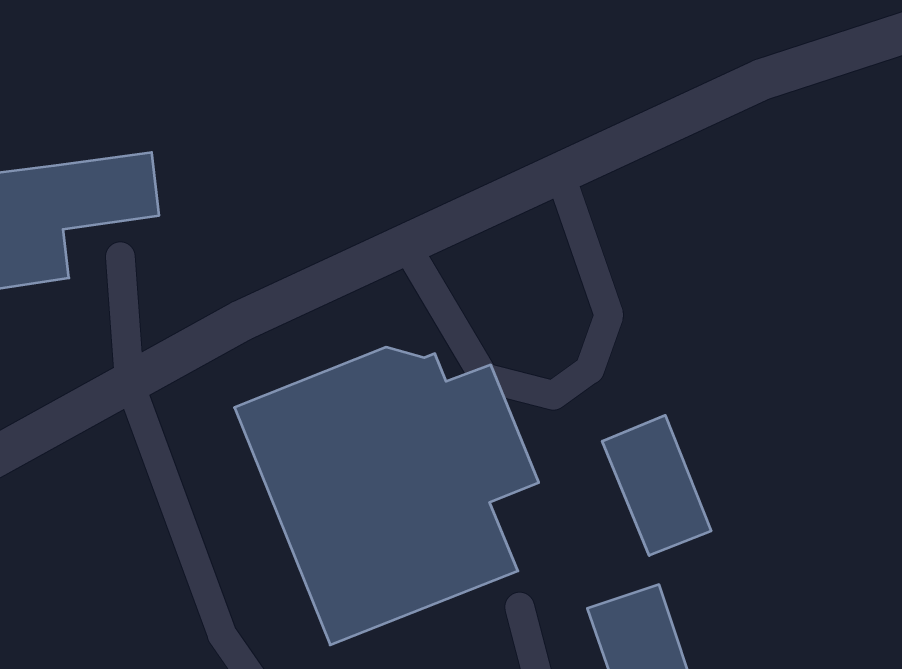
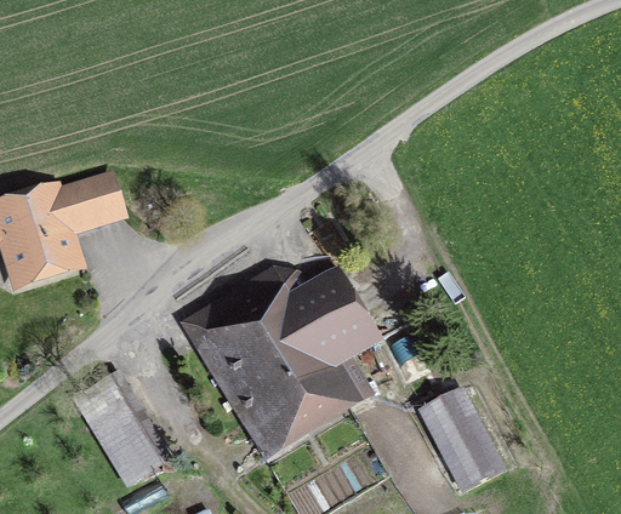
building: [602,415,711,556] -> none
building: none -> [74,379,160,484]

